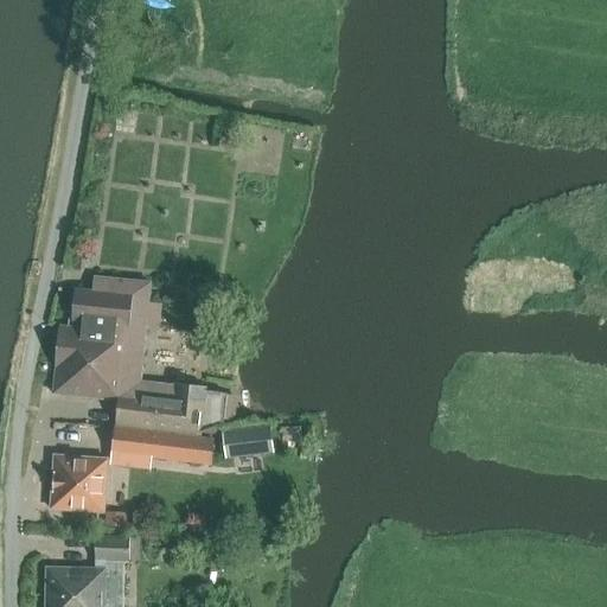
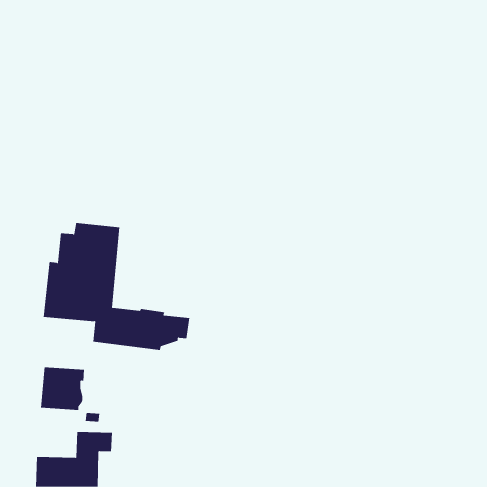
building: [111,427,213,464] -> none
building: [222,427,273,456] -> none

